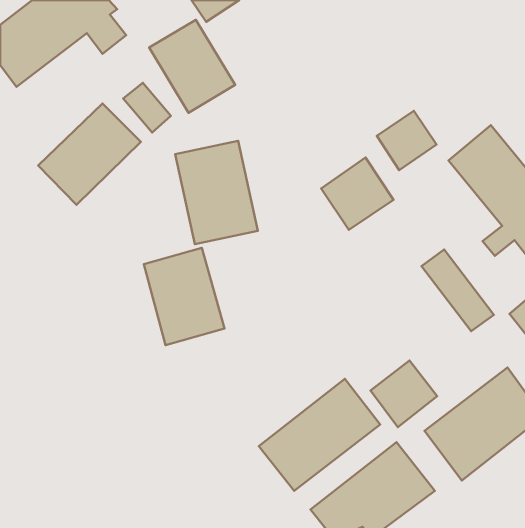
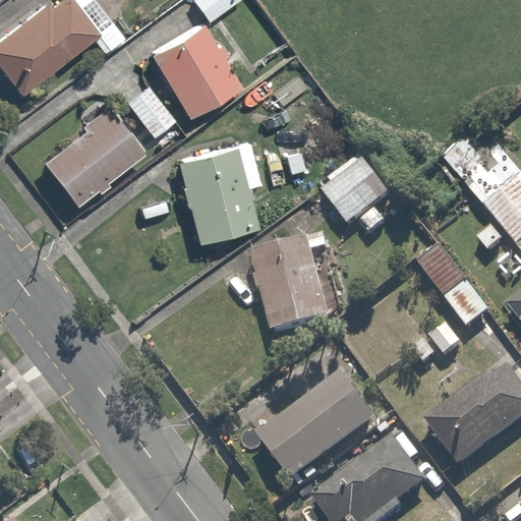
building: [377,111,437,170] -> none
building: [144,248,225,345] -> [253,236,333,332]
building: [371,360,437,427] -> none

